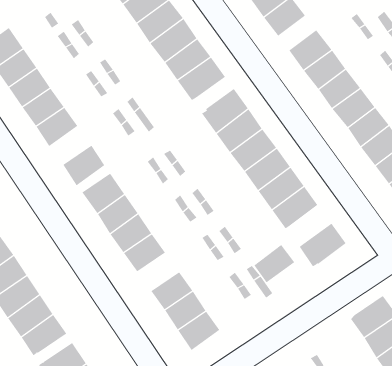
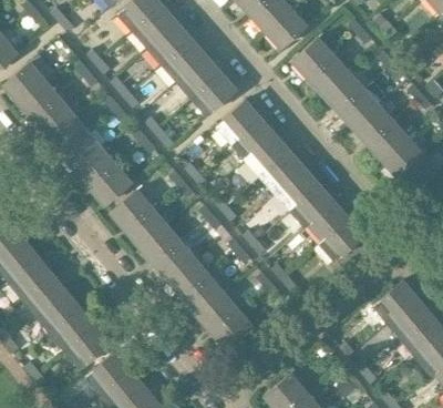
building: none -> [76,149,116,186]
building: [254,244,295,283] -> [309,202,348,239]
building: none -> [169,259,209,297]

